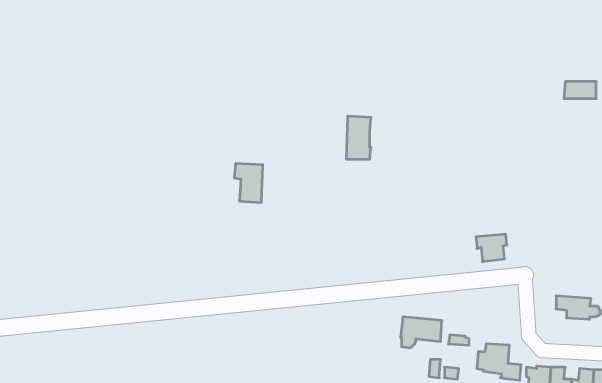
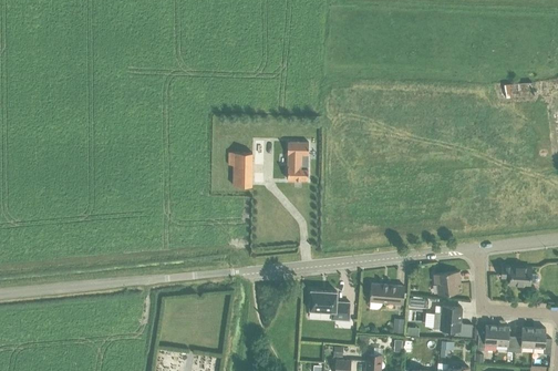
building: [346,116,371,159] -> [287,142,308,178]
building: [476,234,507,262] -> [433,271,459,295]
building: none -> [309,289,350,320]

